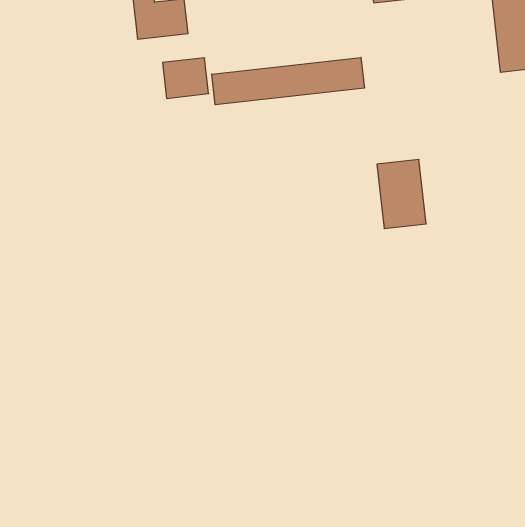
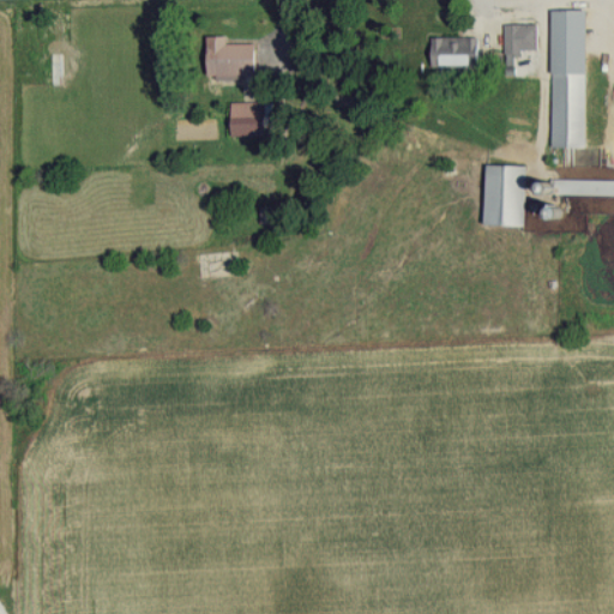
building: [212,57,364,105] -> none
building: [377,160,426,228] -> [483,164,524,227]

